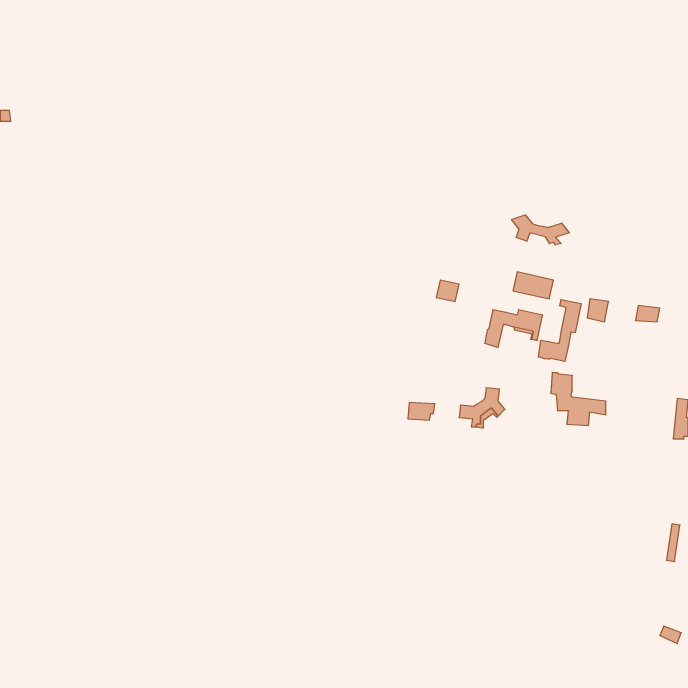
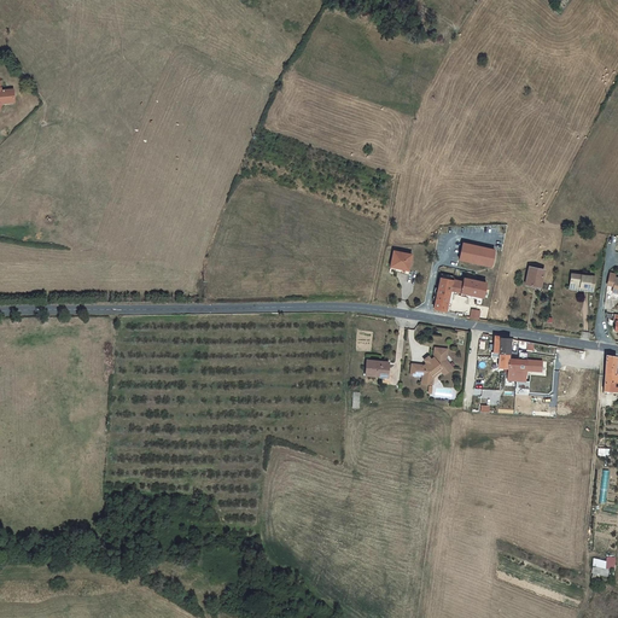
building: [512,215,569,245] -> none
building: [538,299,581,361] -> none

